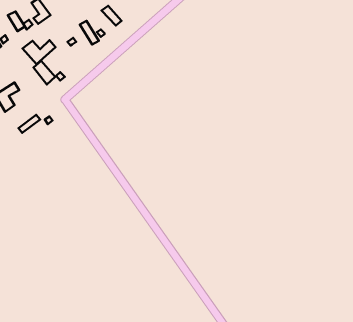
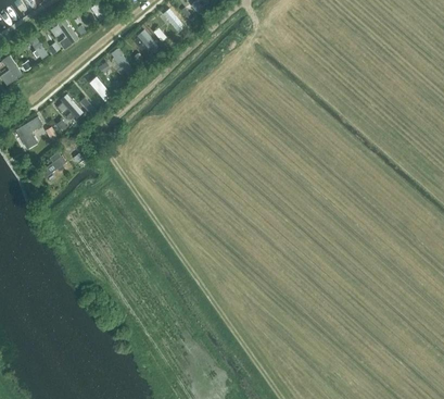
building: [22,40,56,64] -> none

